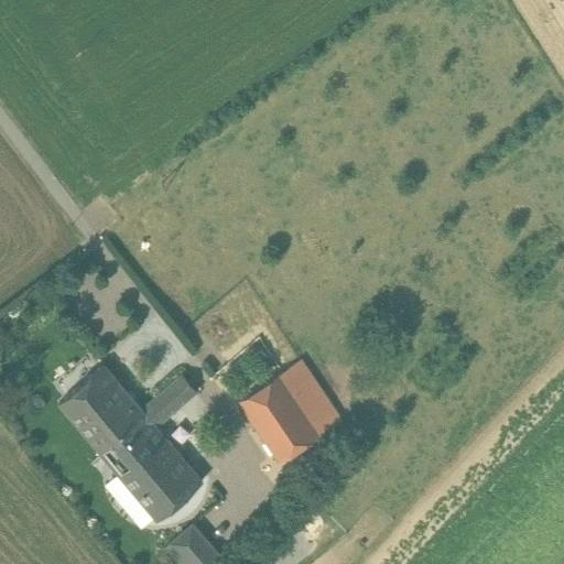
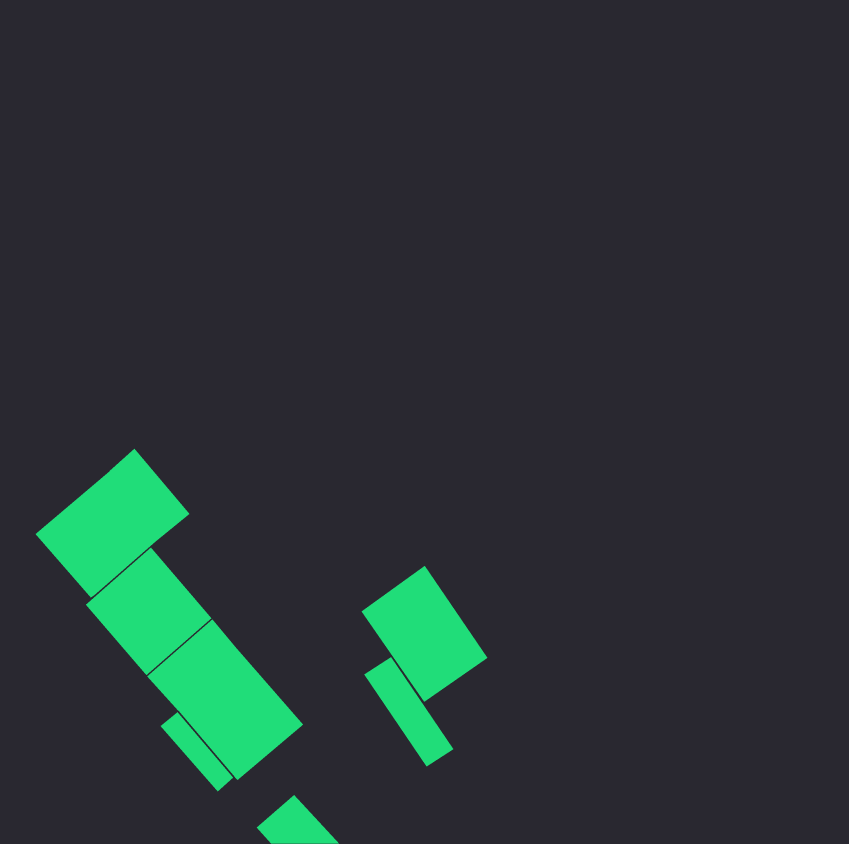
building: none -> [35,448,191,599]
building: [282,362,343,436] -> [363,656,455,767]
building: [141,376,196,429] -> none

